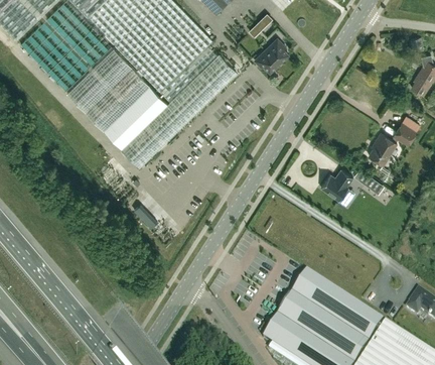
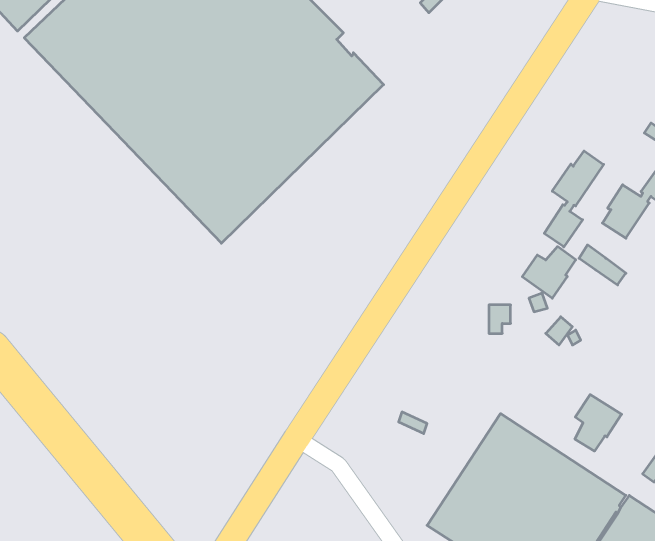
building: [255,39,288,71] -> none
building: none -> [544,151,604,247]
building: none -> [575,395,622,451]

